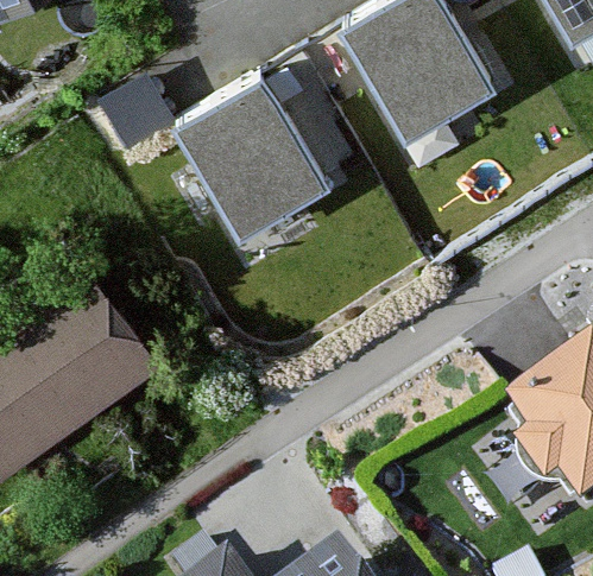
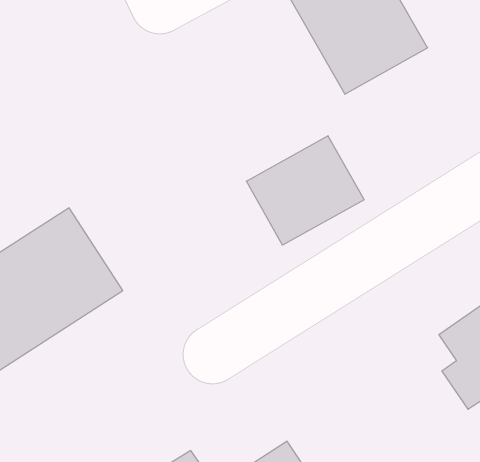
building: [170,61,333,240] -> none
building: none -> [246,136,364,245]

